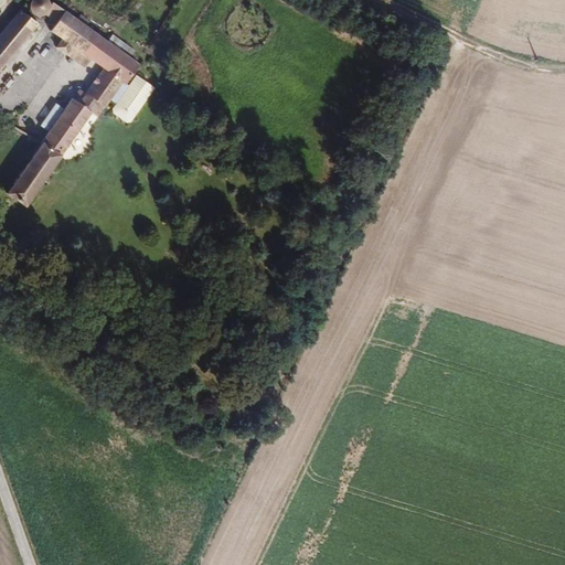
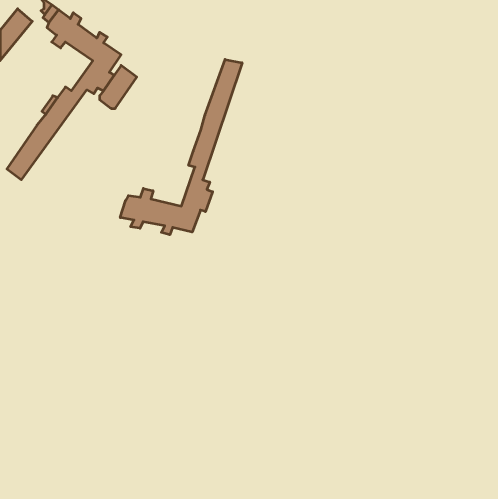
building: none -> [120,59,242,235]

